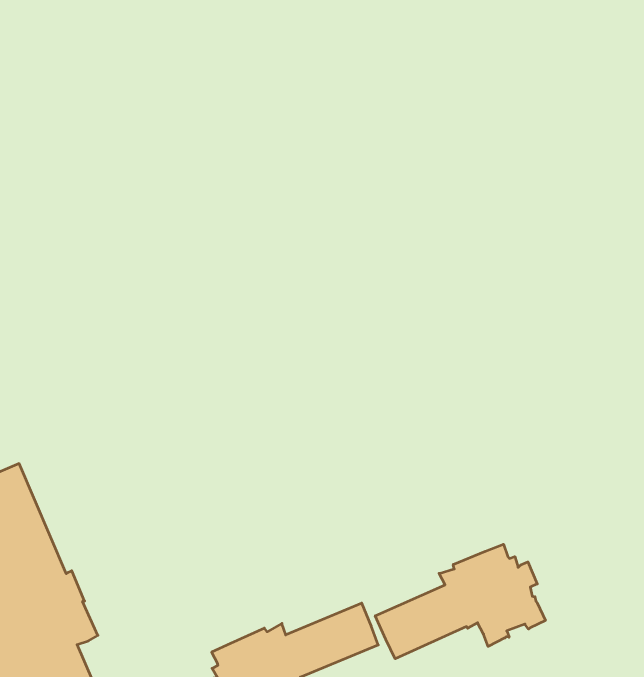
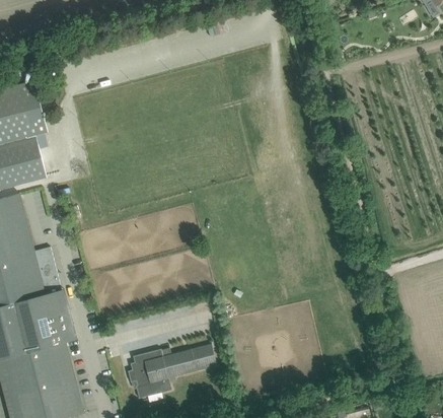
building: [375,544,545,659] -> none

